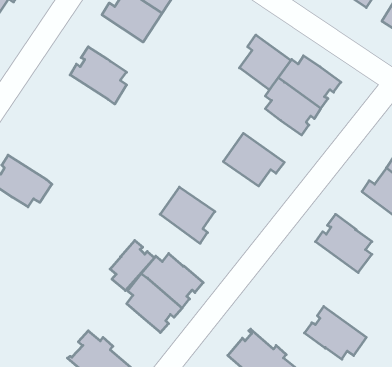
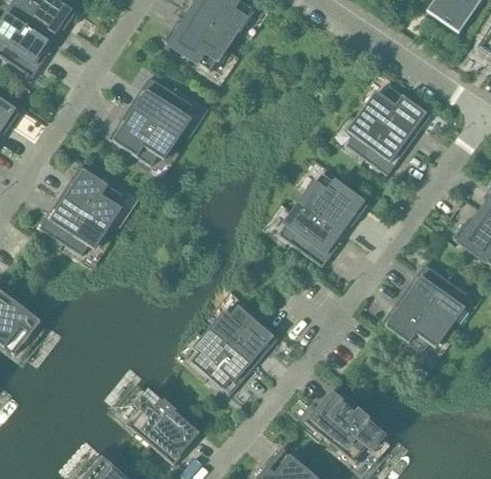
building: [239,35,291,90] -> none
building: none -> [109,107,179,164]
building: none -> [60,165,123,228]
building: [160,187,215,243] -> [279,203,340,266]
building: [110,240,154,291] -> none
building: [304,306,366,359] -> [381,292,450,351]

